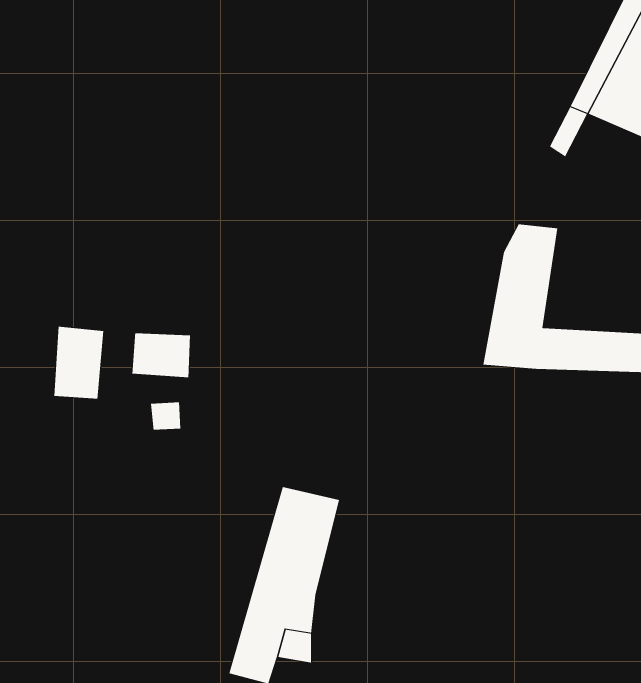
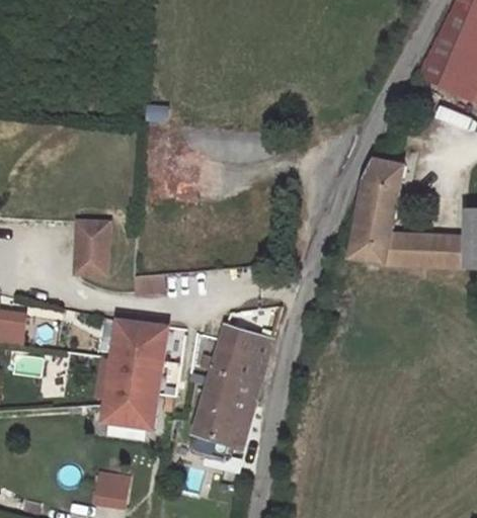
building: [132,332,190,378] -> none
building: none -> [95,322,167,431]

